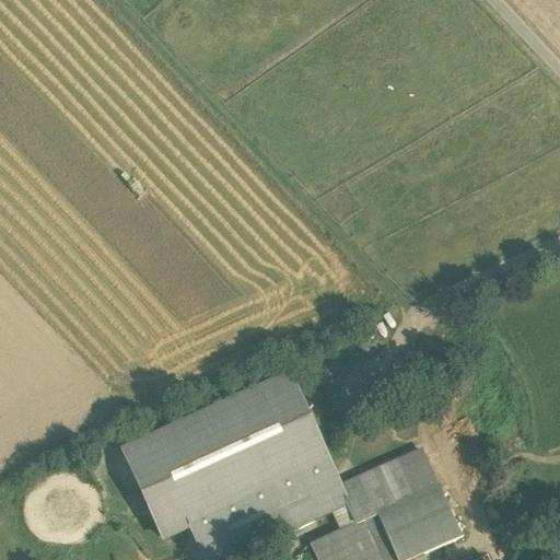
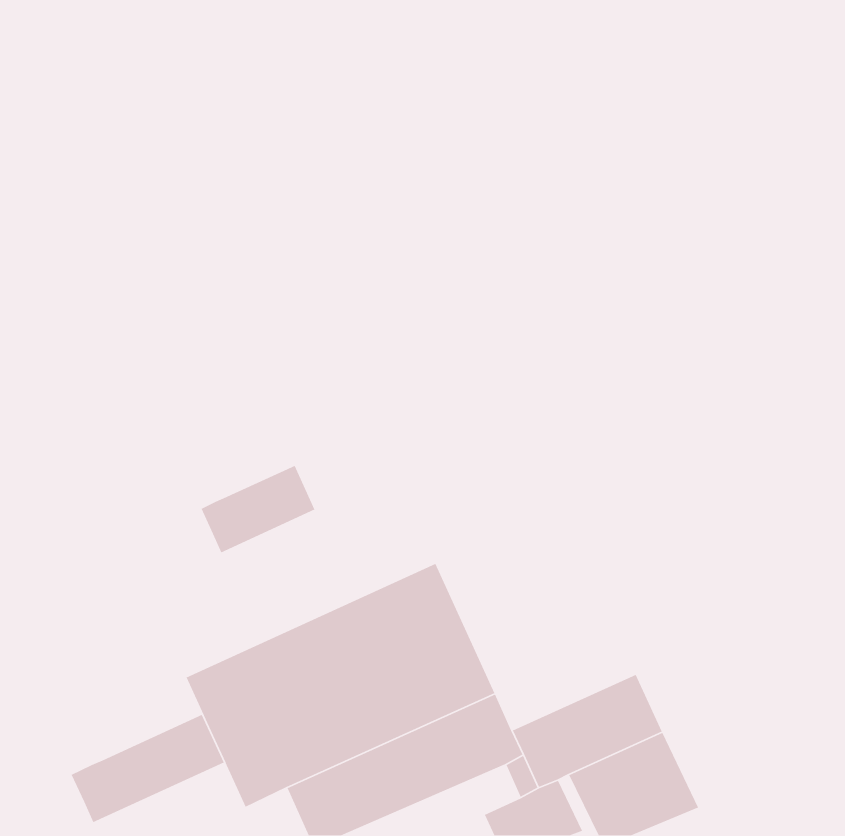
building: none -> [200,465,316,553]
building: none -> [71,714,225,823]

